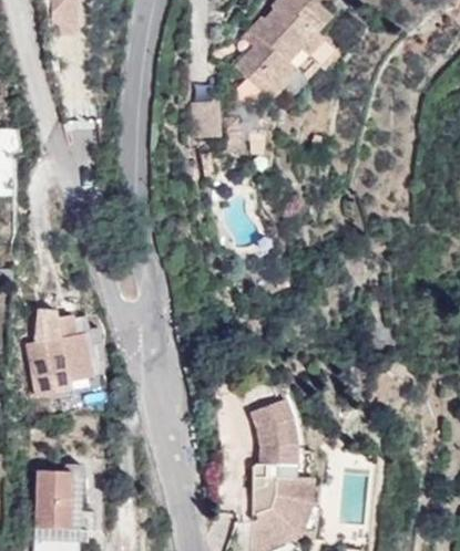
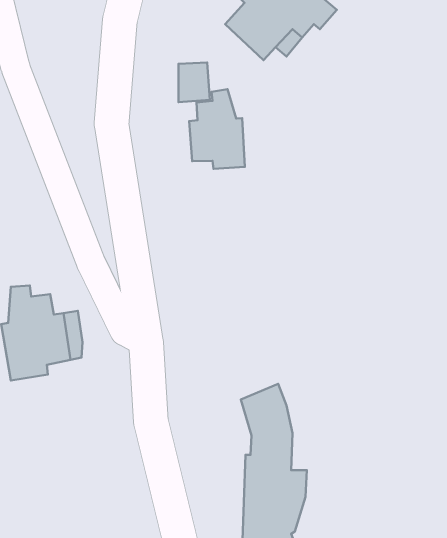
building: none -> [189,89,245,169]
building: [35,469,72,528] -> none

